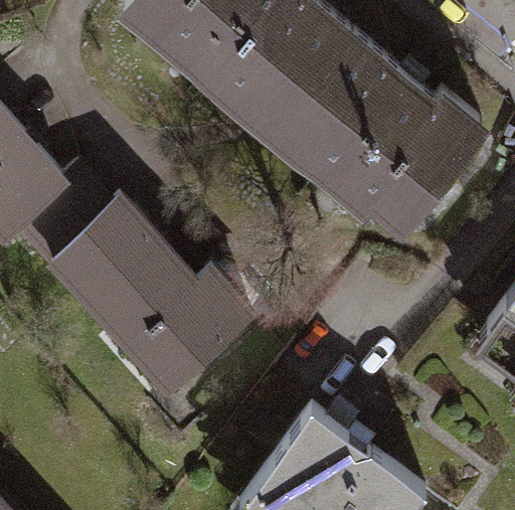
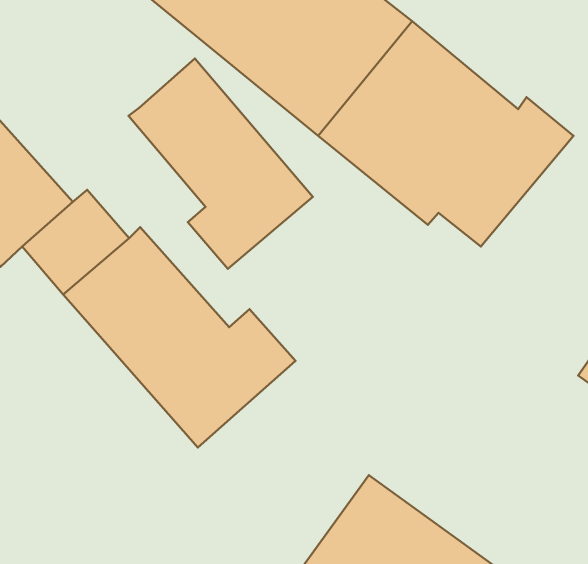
building: none -> [129,59,313,269]

